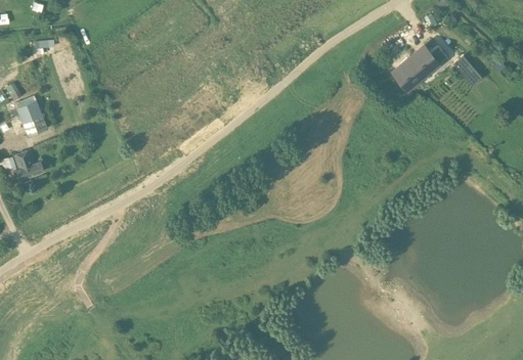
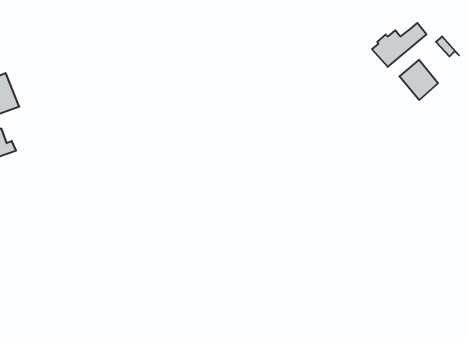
building: none -> [399,60,438,100]

